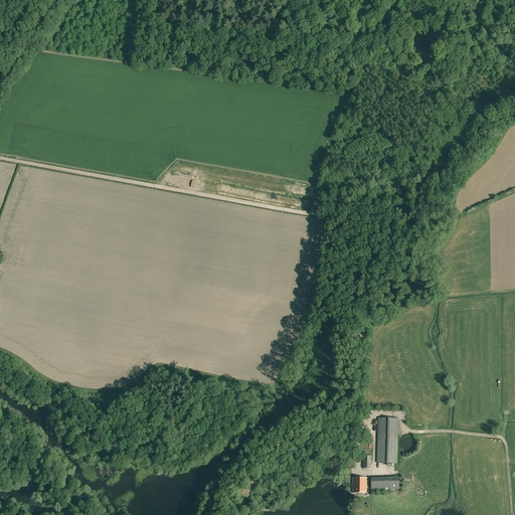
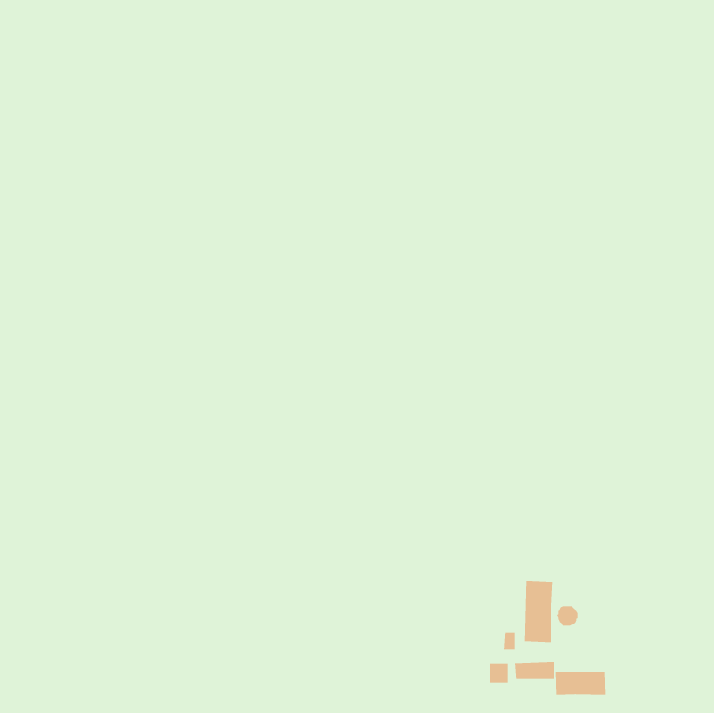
building: none -> [555,671,606,696]

